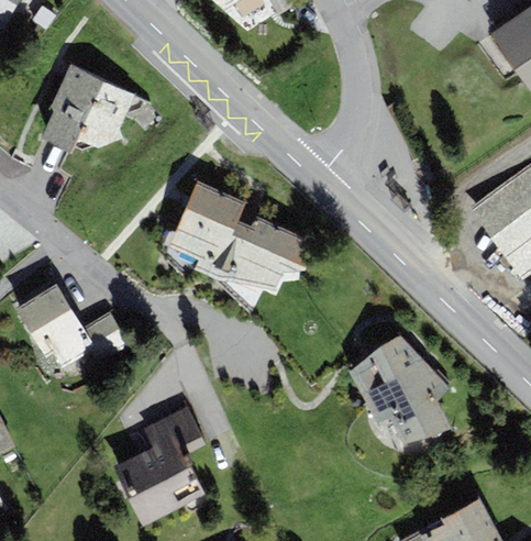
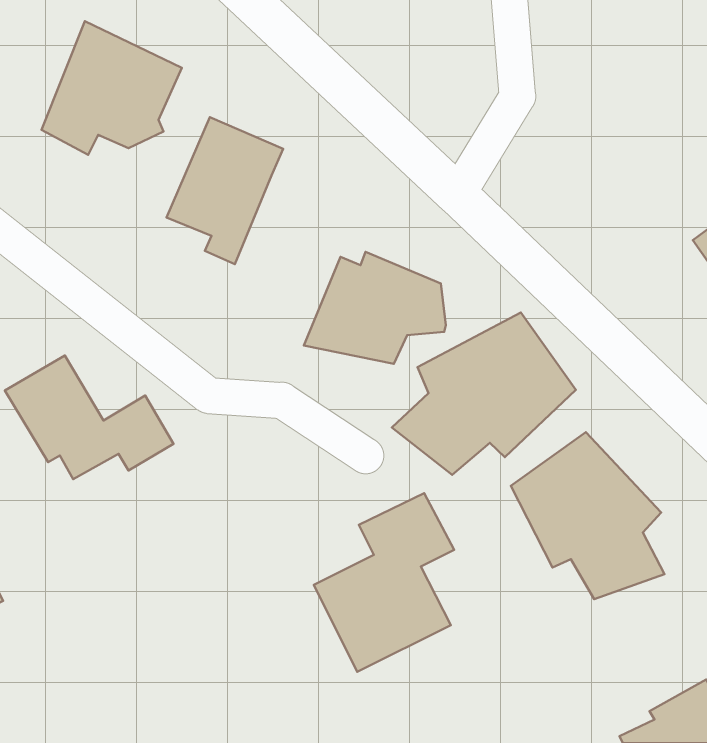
building: [169,181,246,278] -> [166,117,283,264]
building: none -> [392,312,576,475]
building: [114,407,207,525] -> [314,493,454,672]

